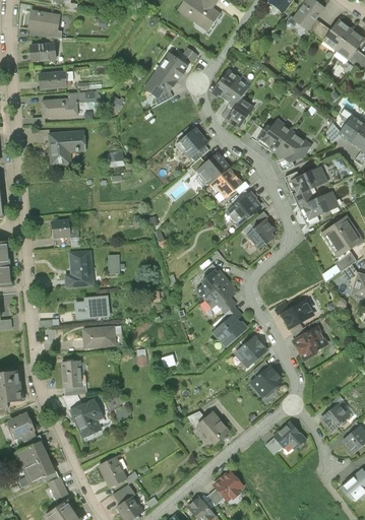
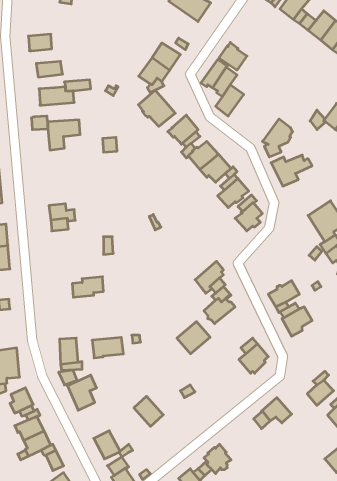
building: [29,11,59,30] -> none
building: none -> [219,42,247,70]
building: none -> [138,90,175,126]
building: [250,121,292,153] -> none
building: [296,191,336,225] -> none
building: [66,251,92,286] -> none
building: [197,269,227,299] -> none
building: [83,325,116,346] -> [92,337,123,358]
building: [233,333,267,367] -> [177,322,210,354]
building: [198,411,229,443] -> [134,396,163,426]

